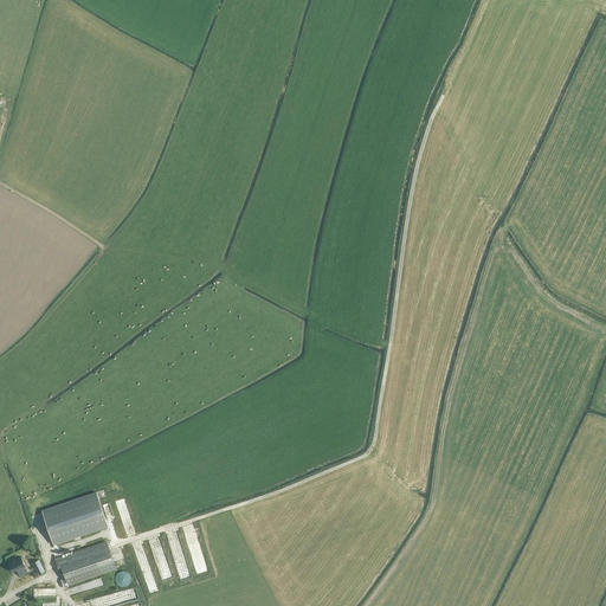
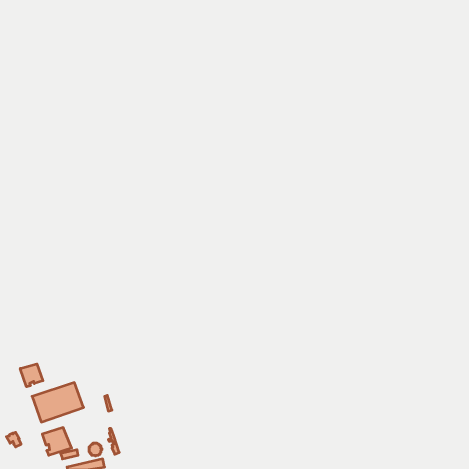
building: none -> [20,364,43,387]
building: [82,543,115,578] -> none

